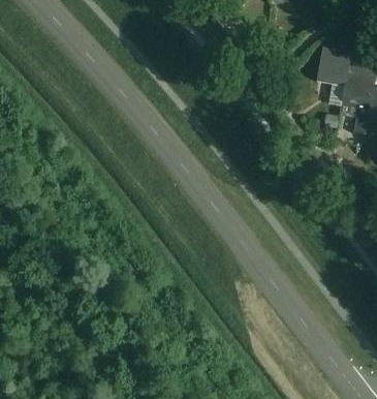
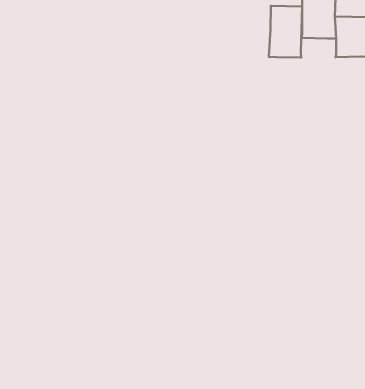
building: none -> [269,6,302,57]

